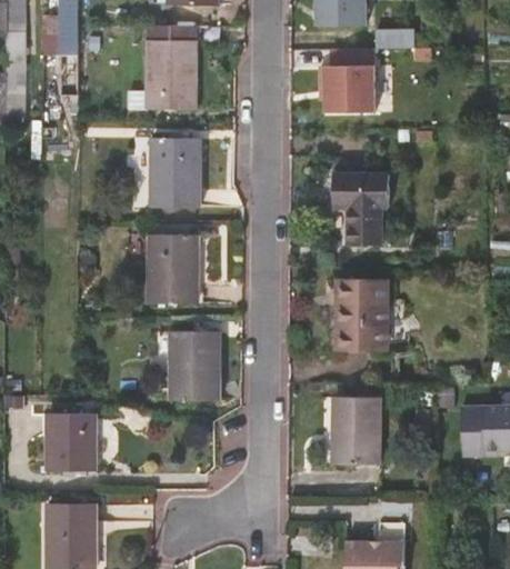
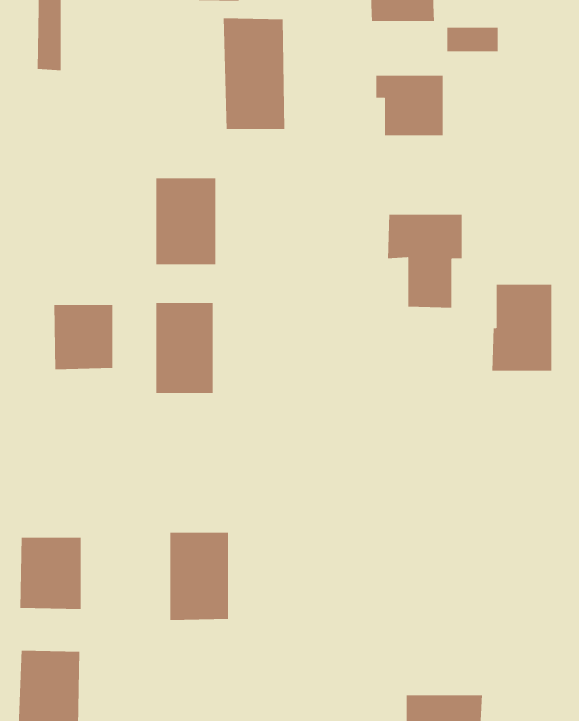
building: [148,26,196,111] -> [223,18,285,129]
building: none -> [54,304,113,370]
building: [336,277,382,343] -> [491,284,552,371]
building: [173,335,219,402] -> [169,532,229,621]
building: [331,391,377,460] -> none

